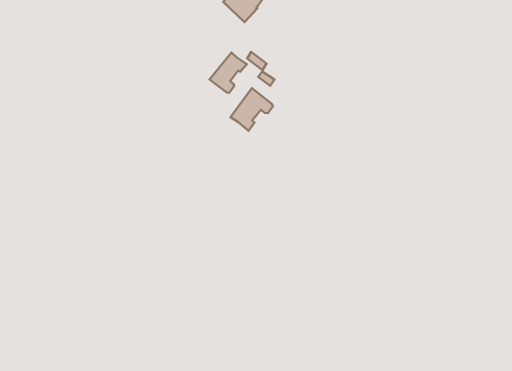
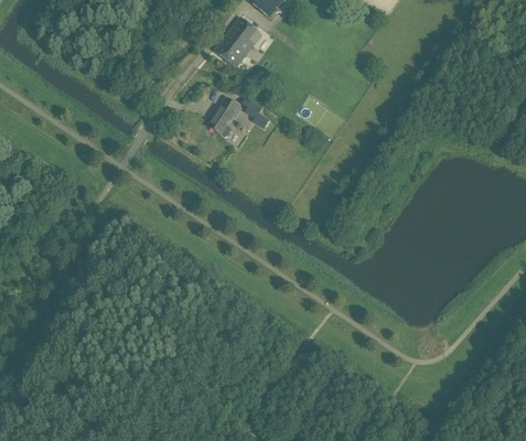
building: [231,88,273,131] -> none

